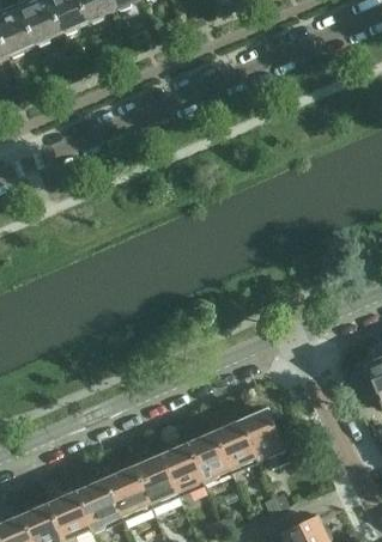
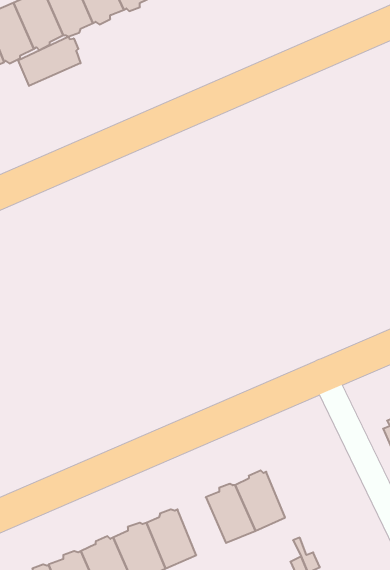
building: none -> [18,37,81,86]
building: [242,409,291,468] -> none
building: [163,443,206,495] -> none

